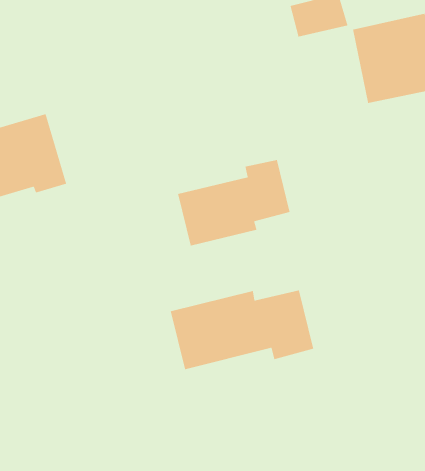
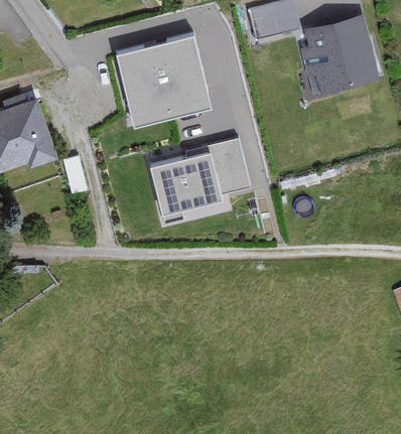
building: none -> [119,38,209,124]
building: [170,290,314,370] -> none

